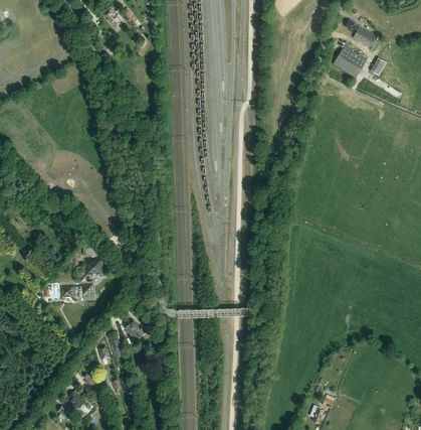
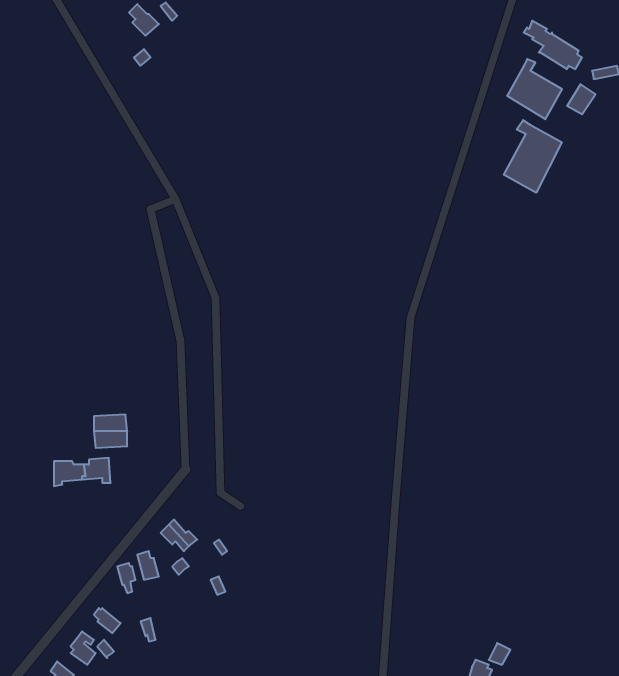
building: none -> [504,120,562,193]

